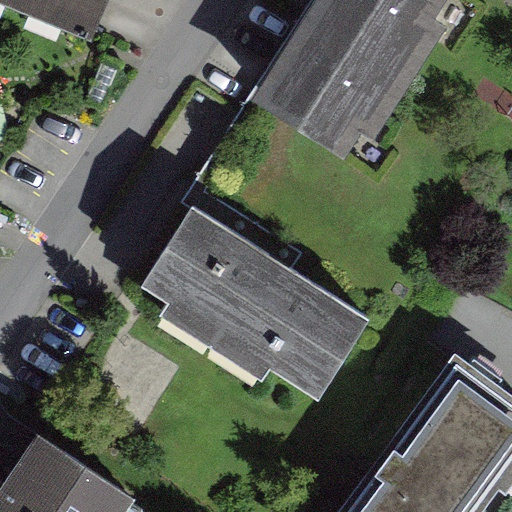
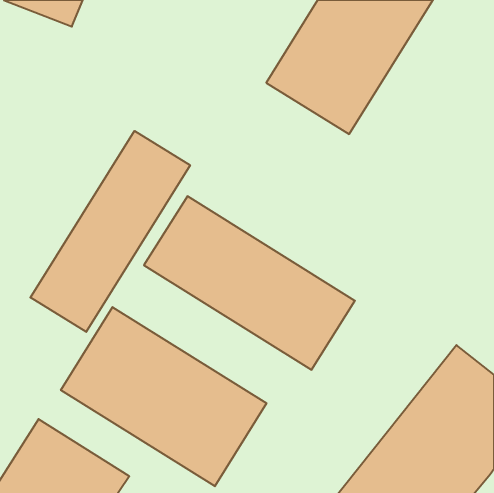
building: none -> [30,131,190,332]
building: none -> [61,307,266,486]

